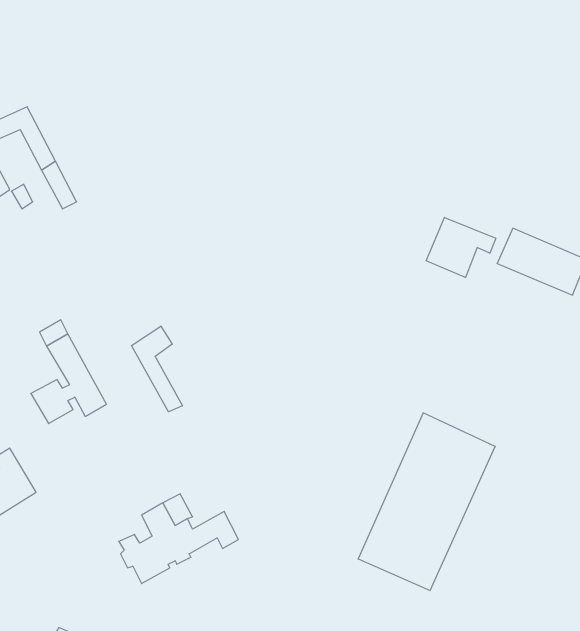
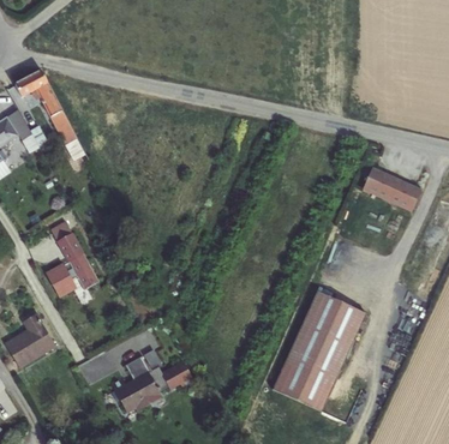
building: [426,217,496,278] -> none
building: [132,326,182,412] -> none

